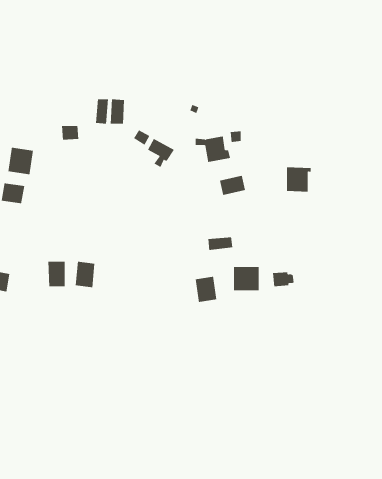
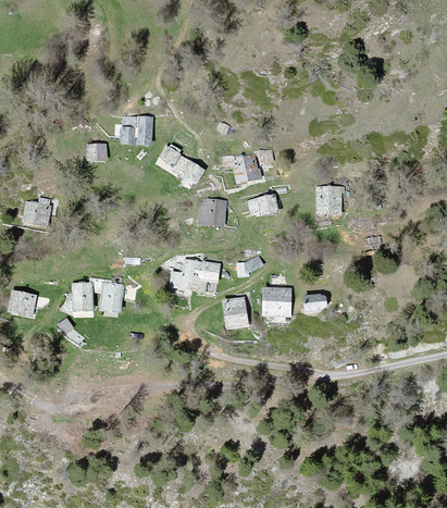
building: [8,147,34,175] -> none
building: none -> [201,199,225,224]
building: none -> [171,259,219,290]

